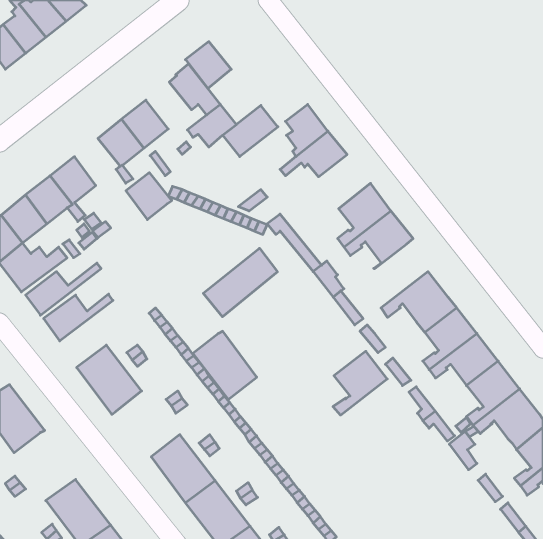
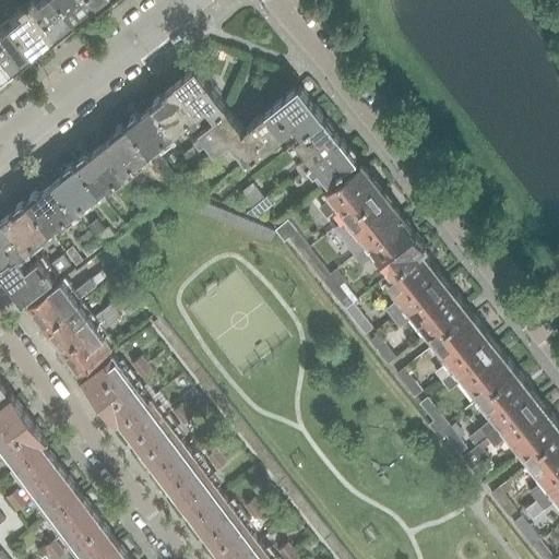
building: [185,42,231,88] -> [150,90,197,138]
building: none -> [267,90,316,135]
building: none -> [319,167,380,219]
building: [126,173,172,220] -> [76,147,123,195]
building: [203,248,277,317] -> none
building: none -> [61,313,121,377]
building: [193,331,257,399] -> [119,404,185,474]
building: [333,351,387,415] -> [383,255,439,321]
building: none -> [11,449,78,519]

